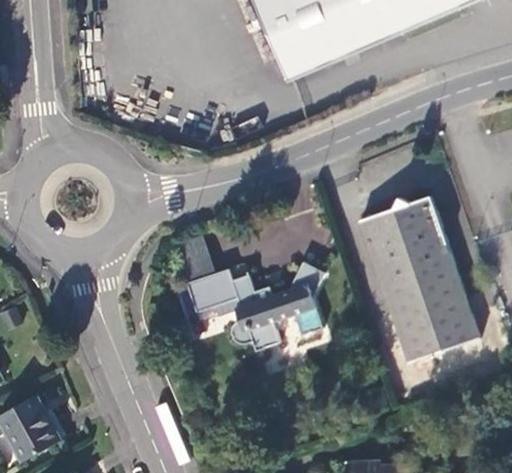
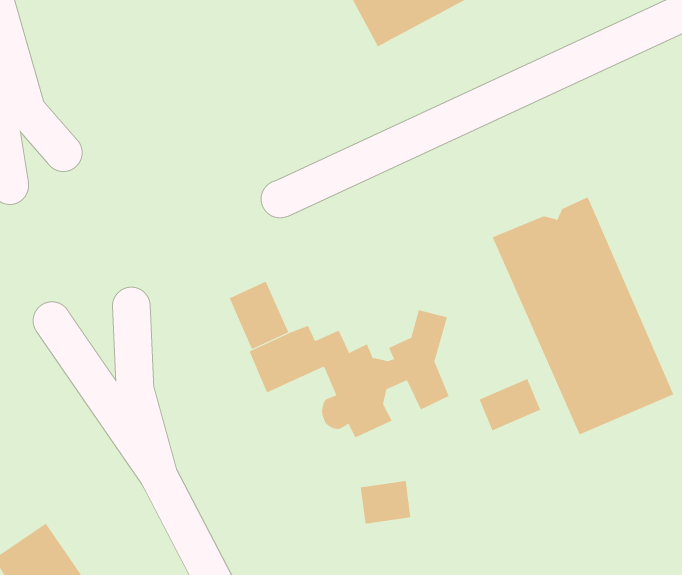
building: none -> [479,378,541,431]
building: none -> [360,480,411,524]

